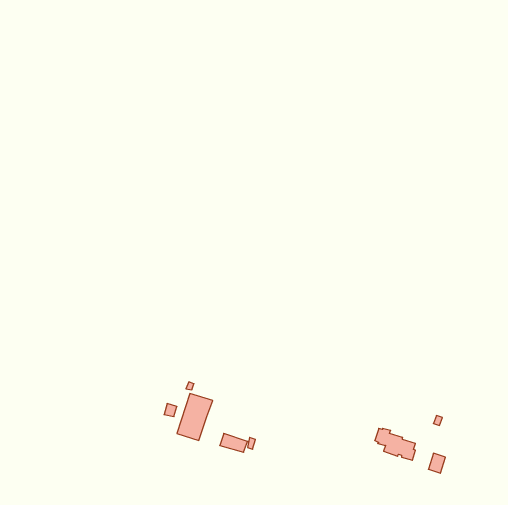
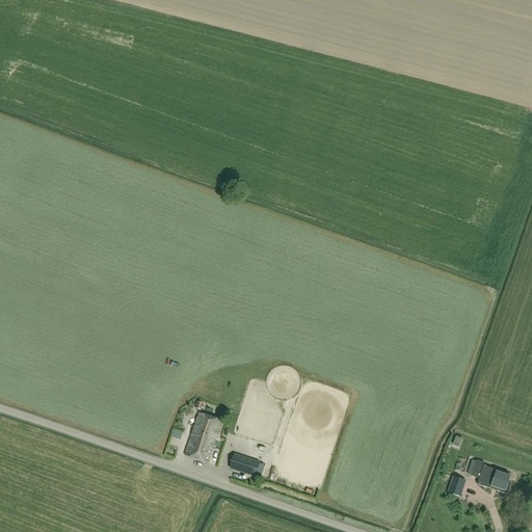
building: [375,428,415,460] -> [468,458,510,491]

